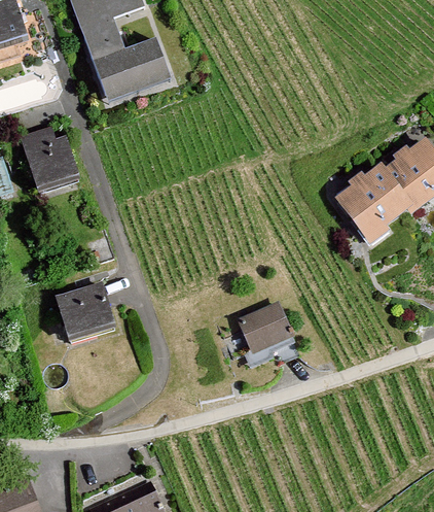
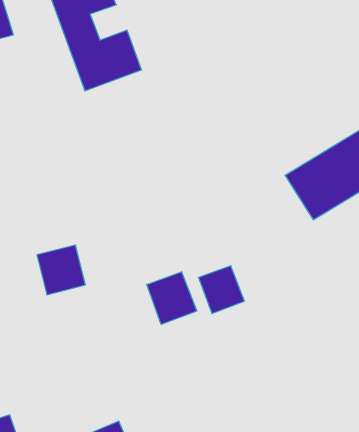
building: [25,136,77,192] -> none
building: none -> [147,272,197,324]

